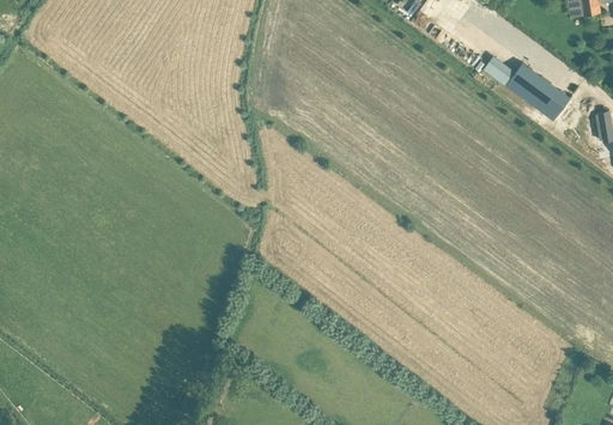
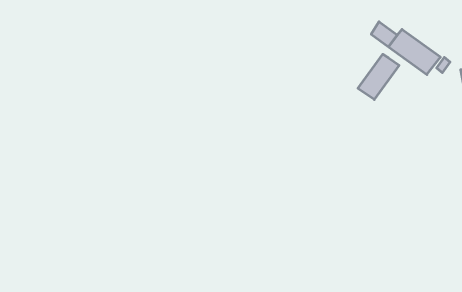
building: none -> [358,54,399,100]

